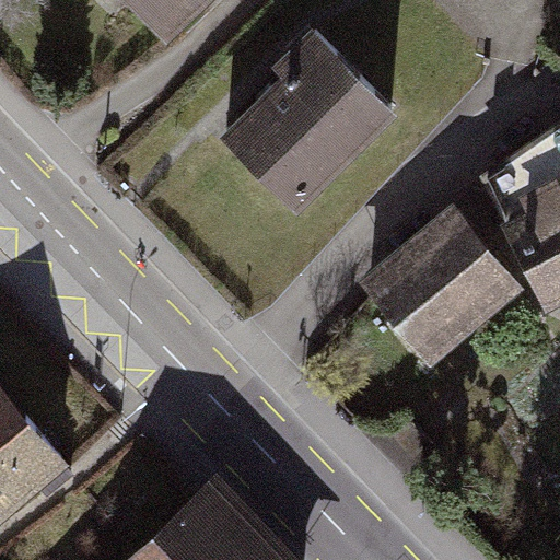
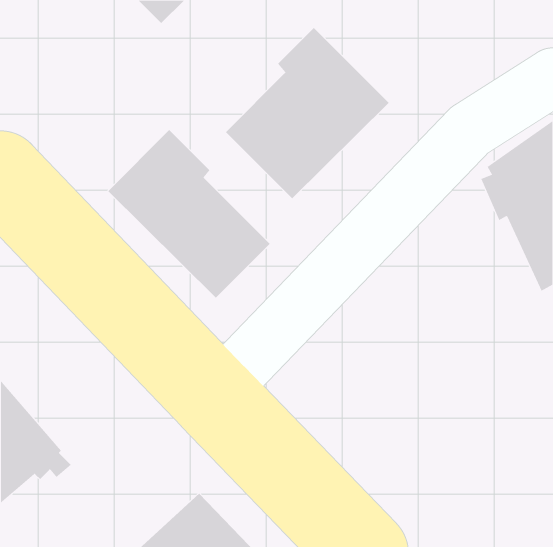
building: none -> [108,129,271,299]
building: [369,215,515,357] -> none

